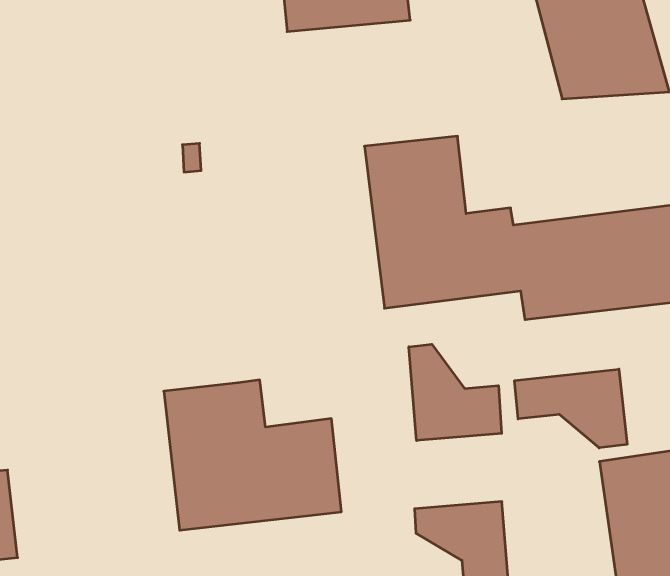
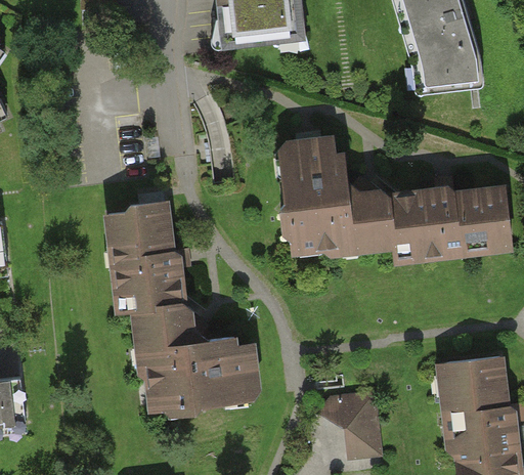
building: none -> [98,202,185,315]
building: [409,344,502,441] -> none
building: [515,369,627,448] -> none

